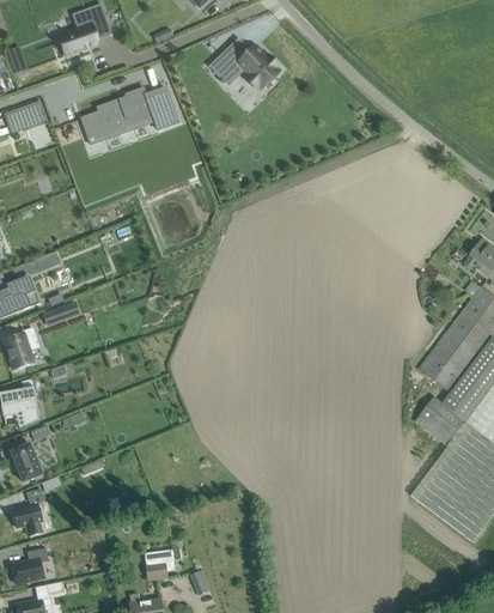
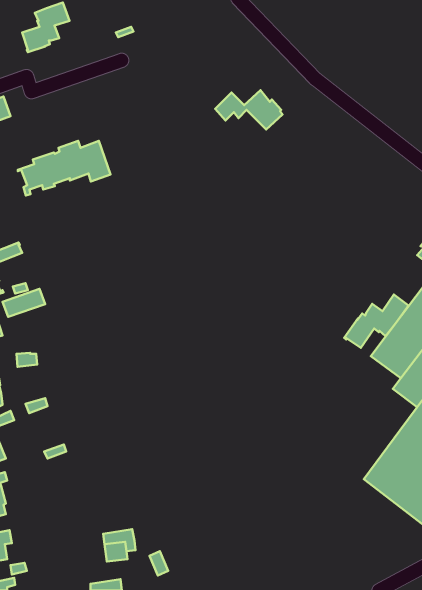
building: [209,45,279,86] -> [215,90,282,130]
building: [81,87,177,144] -> [18,141,111,195]
building: none -> [344,295,409,348]
building: [416,396,466,445] -> none

